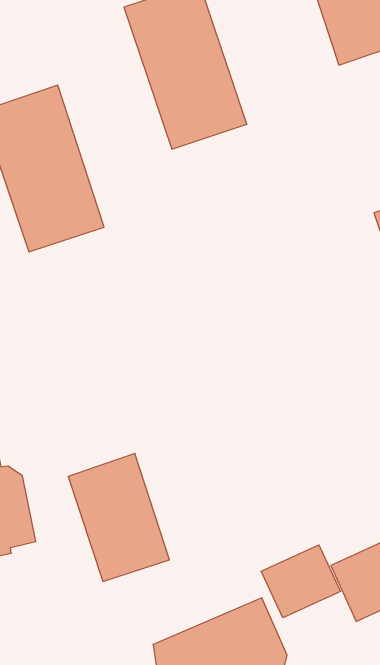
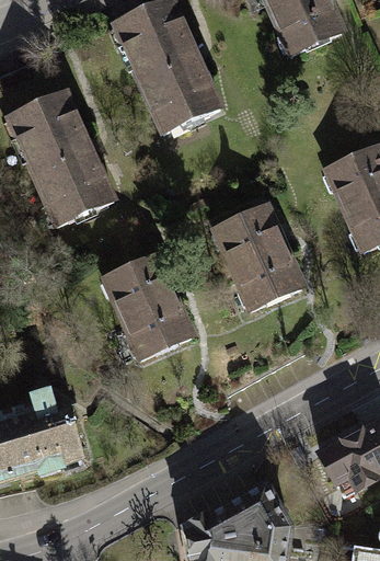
building: none -> [216,206,302,309]
building: [68,453,169,581] -> [105,255,192,359]
building: [261,545,340,618] -> none

